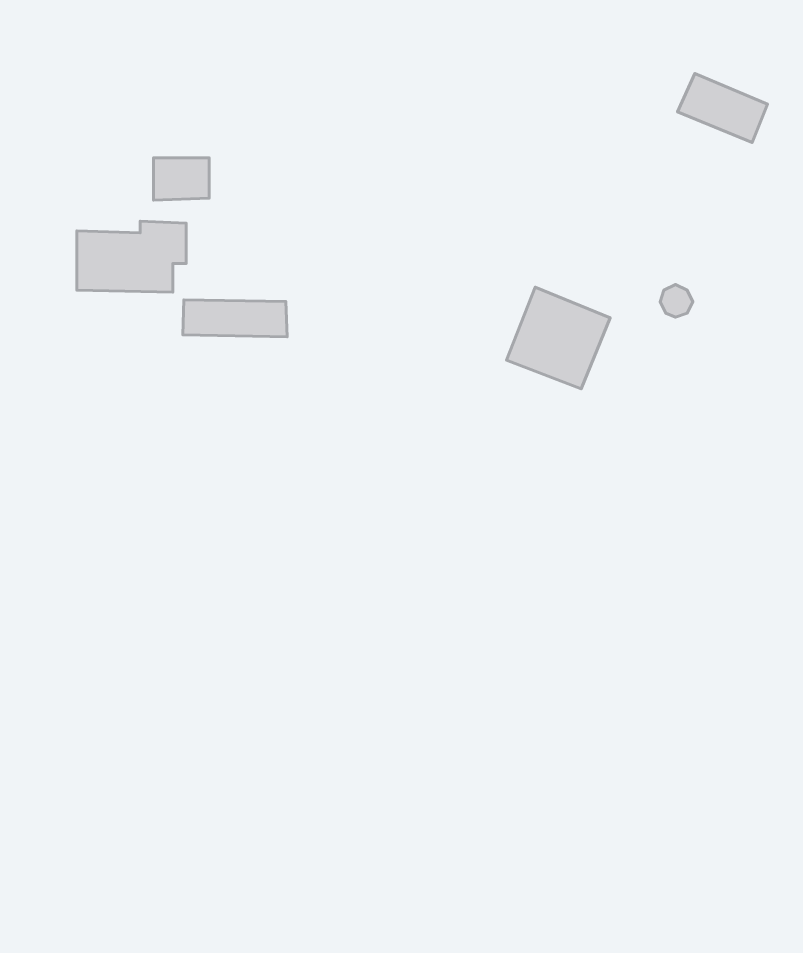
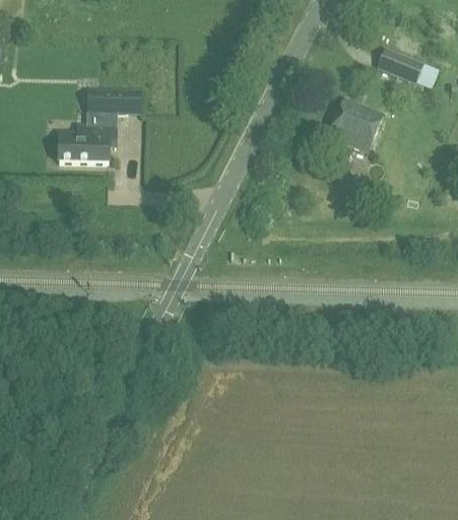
building: [506,287,610,389] -> [328,98,383,151]
building: [183,300,287,337] -> none

